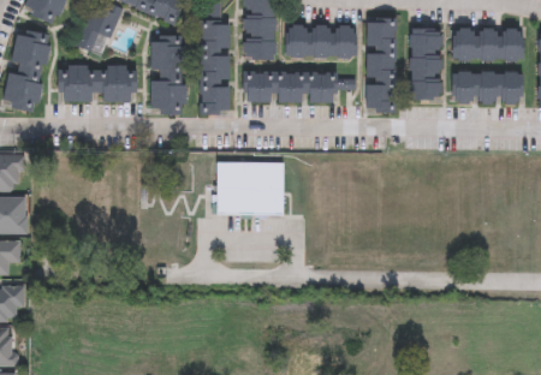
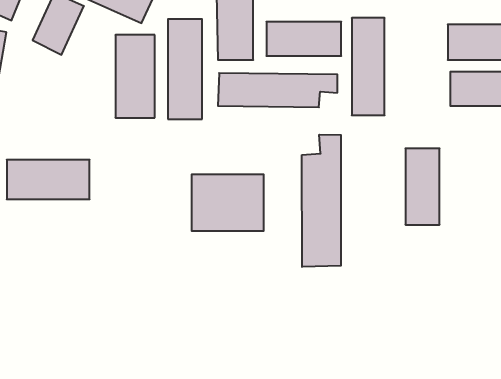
building: [409,26,440,96] -> [405,148,440,225]
building: [58,65,133,101] -> [7,160,90,199]
building: none -> [302,135,341,267]

